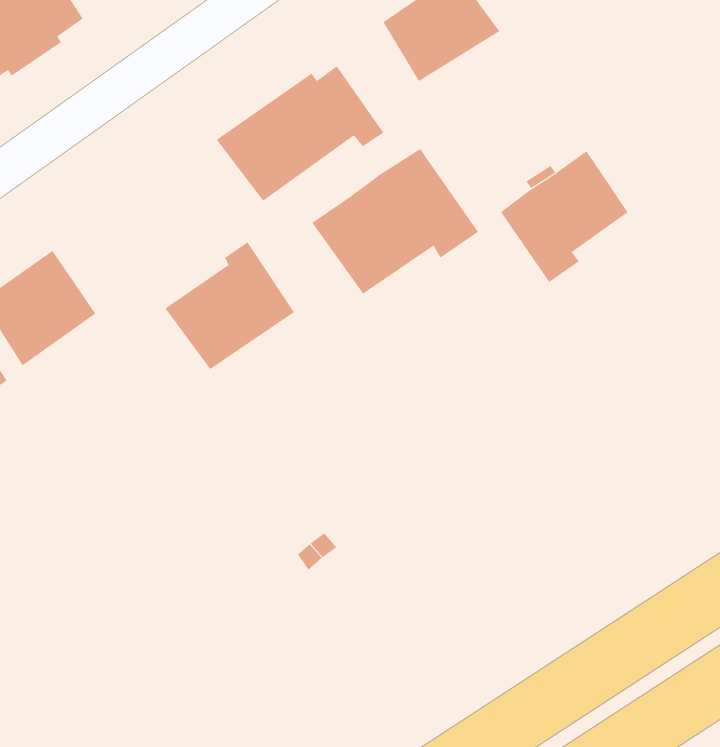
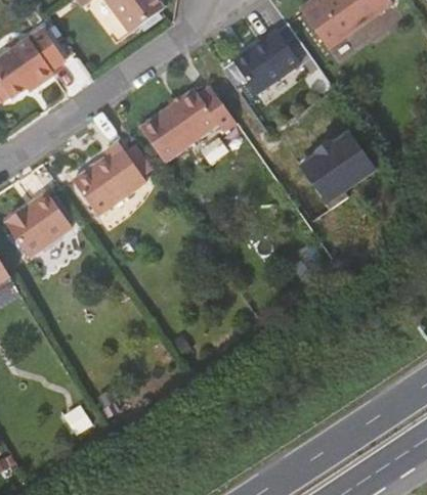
building: [311,148,479,295] -> none
building: [165,241,295,370] -> [75,140,148,213]

